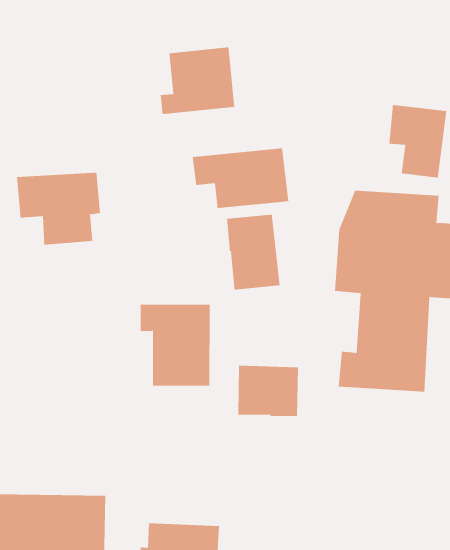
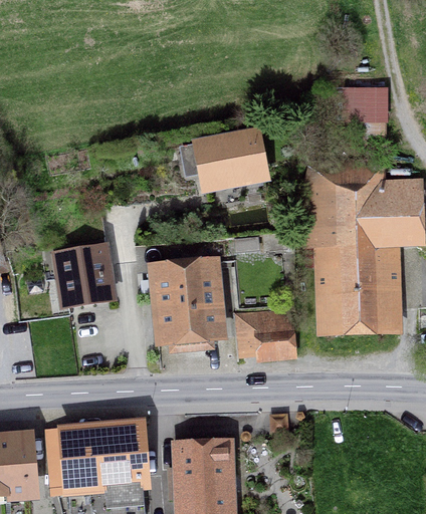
building: [160,47,235,115] -> none
building: [16,172,101,245] -> [42,239,114,302]
building: [226,214,280,290] -> none

